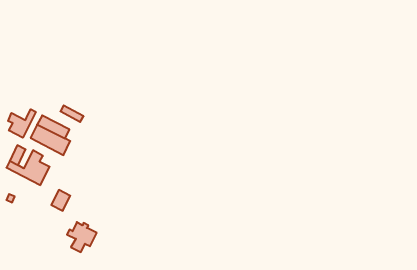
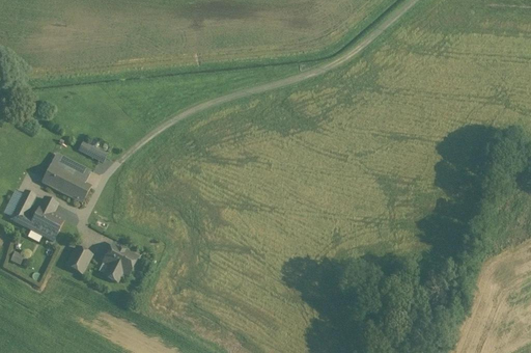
building: [8,109,36,138] -> none
building: [67,222,97,252] -> [99,243,136,280]

